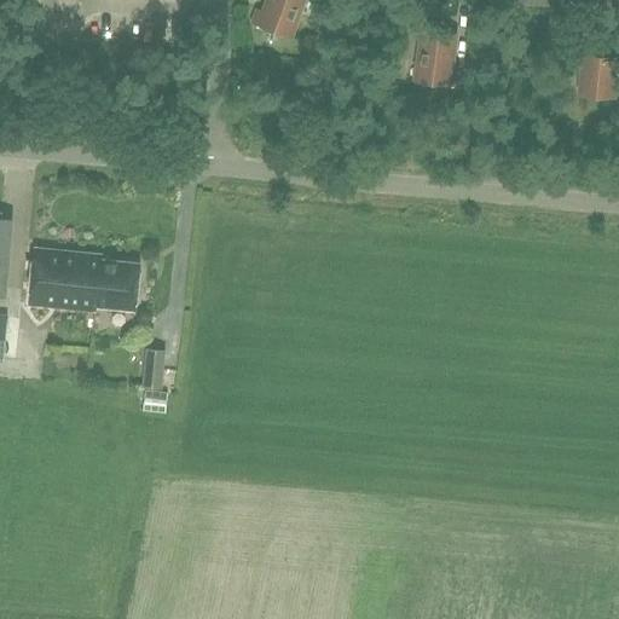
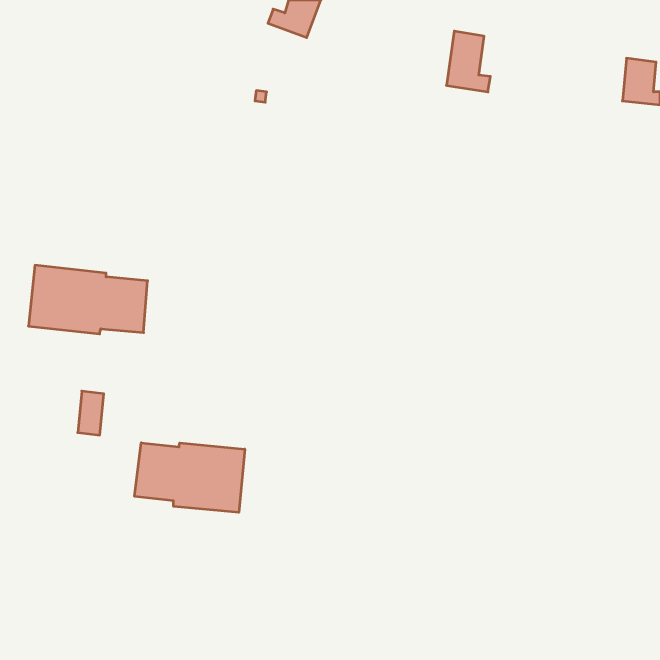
building: [140,349,164,391] -> [78,391,104,435]
building: none -> [135,443,245,512]

